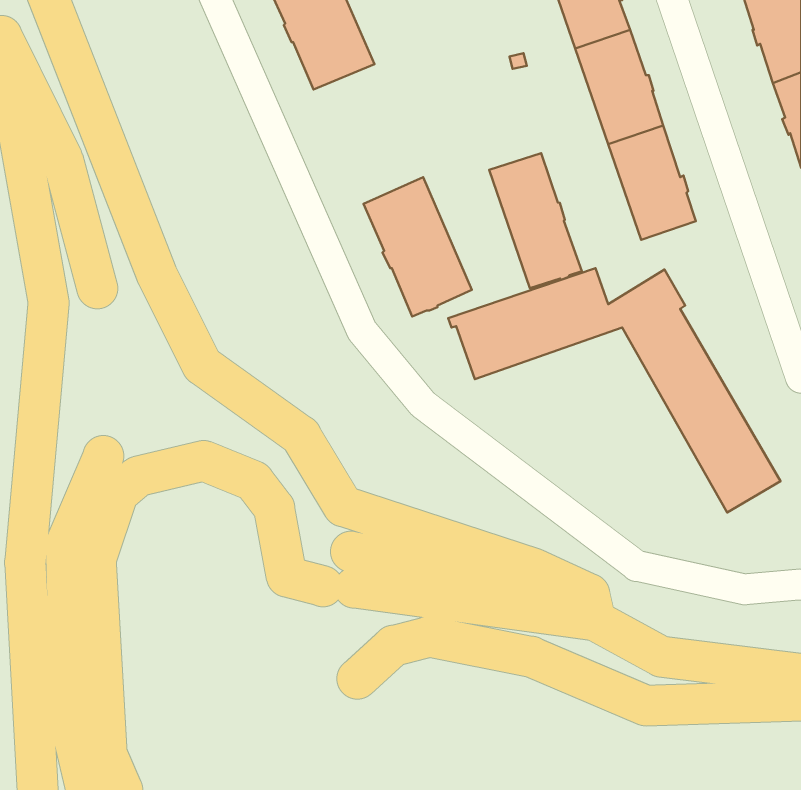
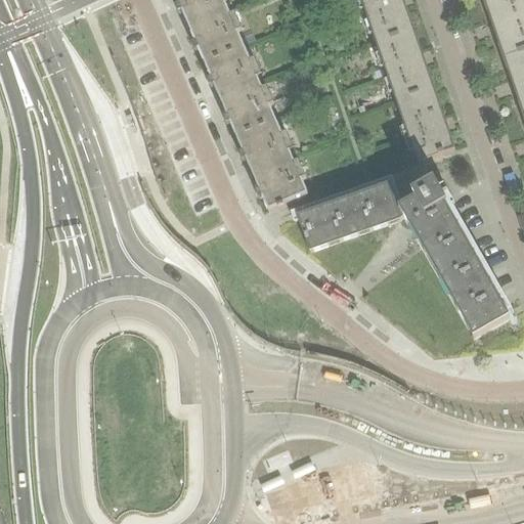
building: none -> [205,42,276,133]
building: [489,153,582,288] -> none

